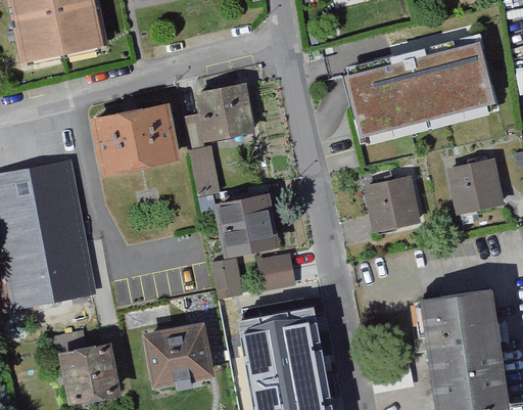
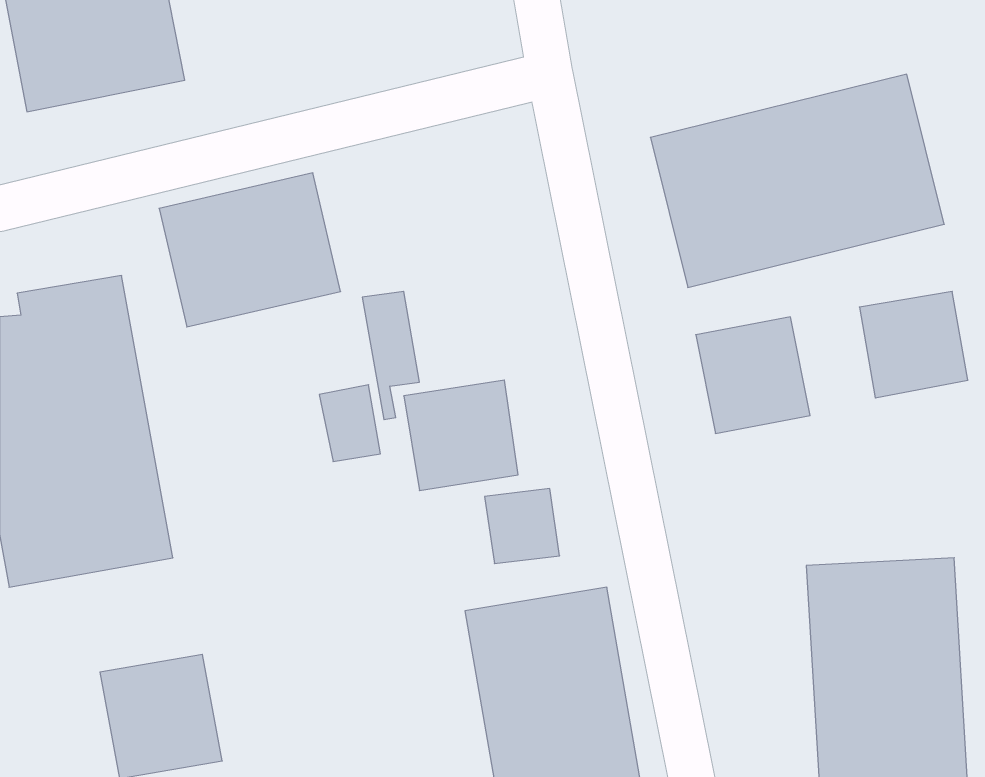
building: [196,94,256,150] -> none
building: [215,257,246,297] -> [319,385,380,462]
building: [137,319,211,386] -> none

